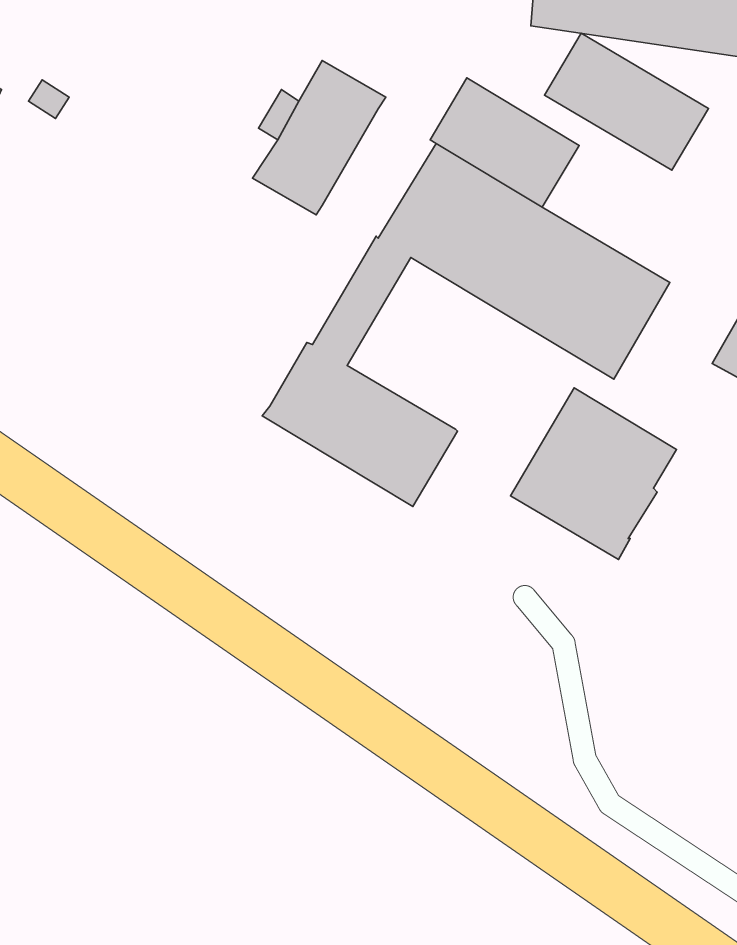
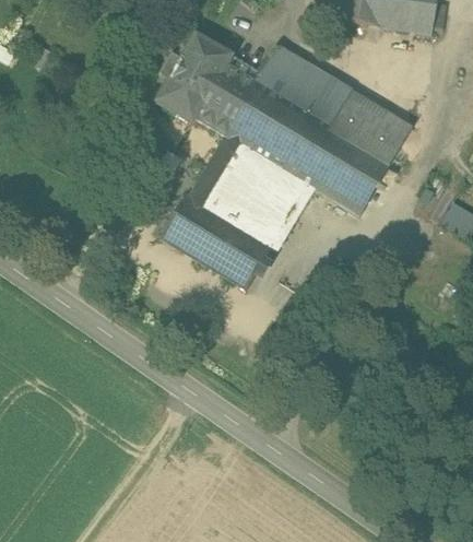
building: [544,33,709,170] -> [324,84,417,162]
building: none -> [200,63,264,137]
building: [510,388,677,560] -> [214,148,308,245]

